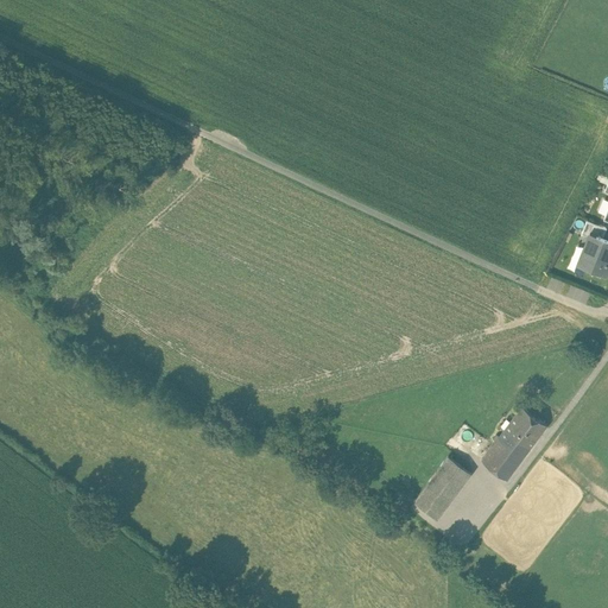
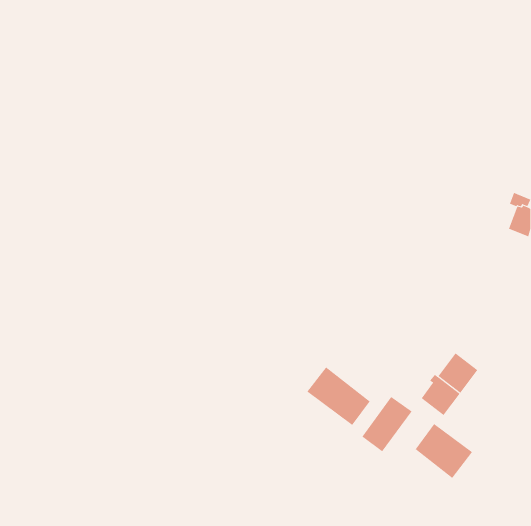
building: none -> [307,367,371,426]
building: none -> [415,423,473,479]

